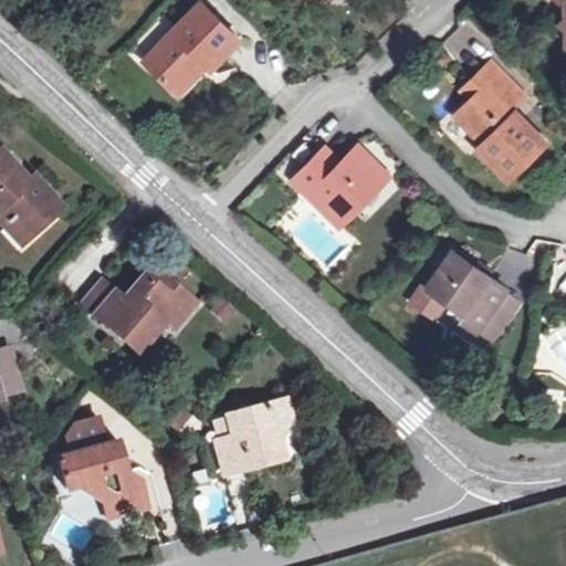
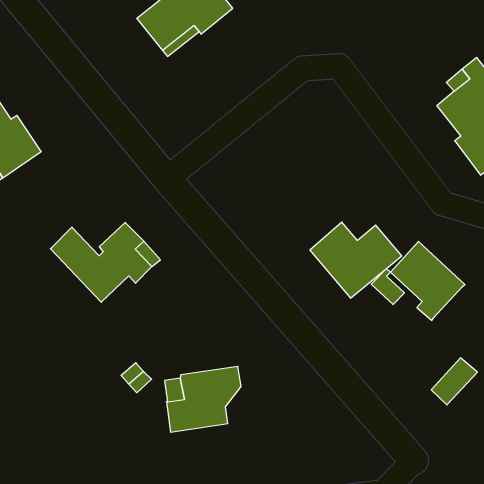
building: [293,150,386,227] -> [310,222,402,298]
building: [476,292,521,340] -> [431,358,477,405]
building: [57,416,148,516] -> none

